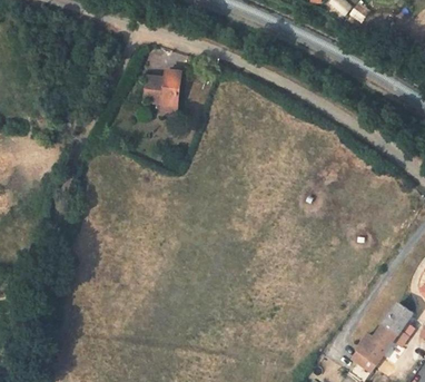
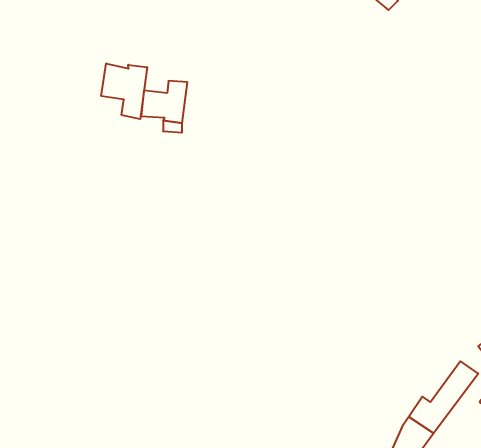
building: none -> [101,63,147,119]

